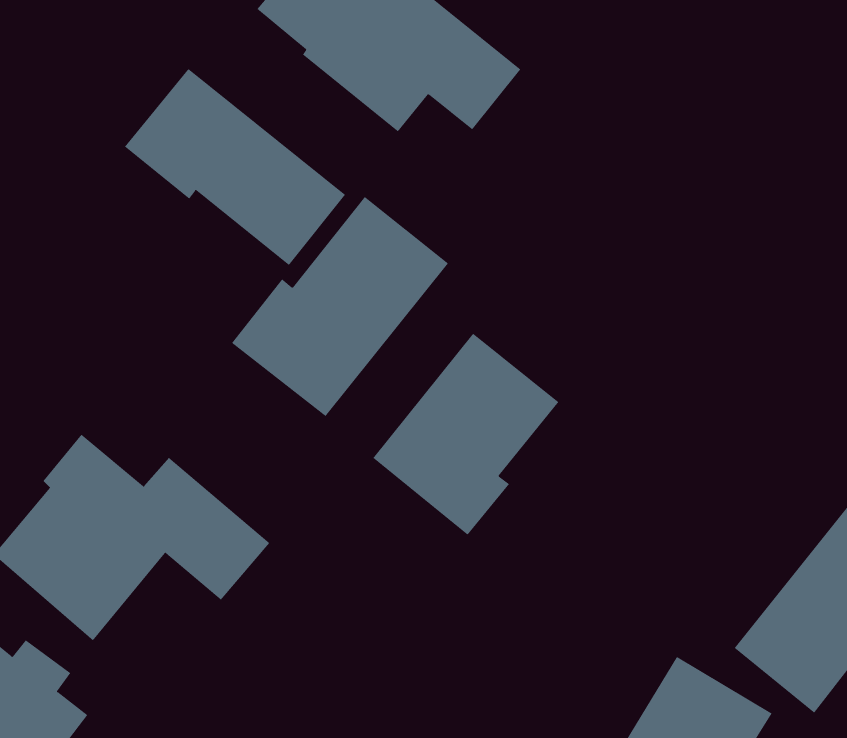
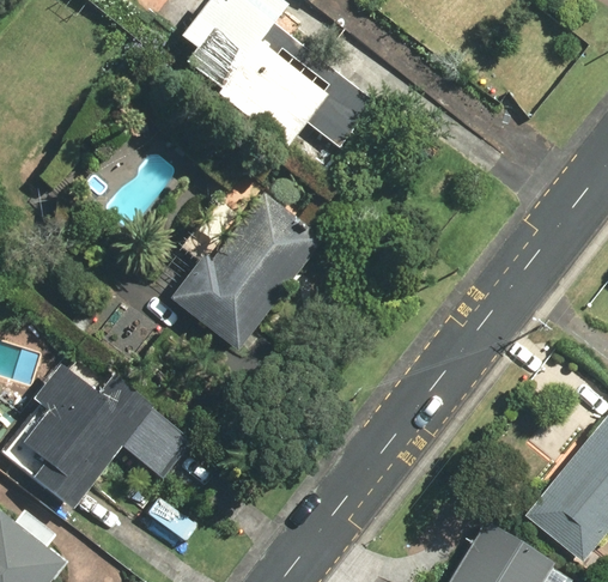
building: [124,68,346,266] -> none
building: [373,333,559,536] -> none

